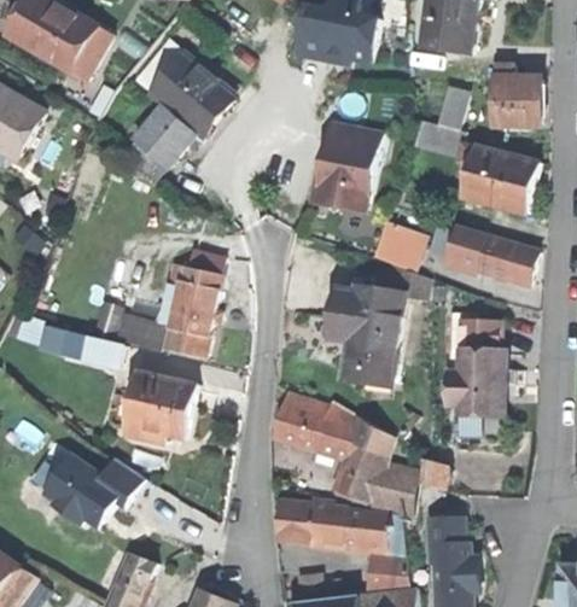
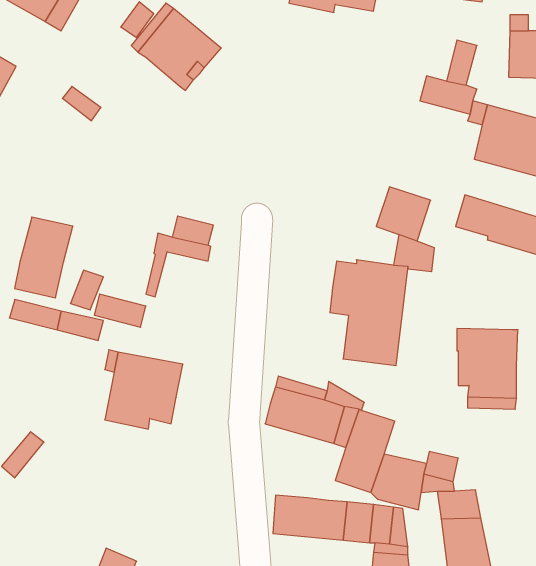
building: [132,104,194,168] -> none
building: [309,123,380,214] -> none
building: [167,281,220,355] -> [15,217,73,298]
building: [447,320,497,352] -> none
building: [47,453,144,526] -> none

